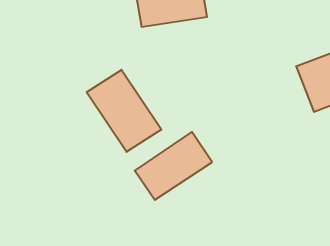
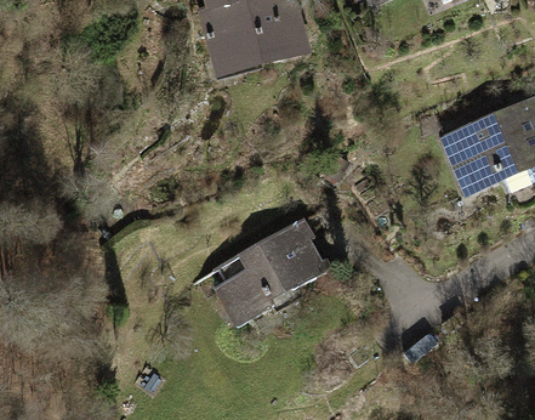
building: [87,70,161,152] -> none

